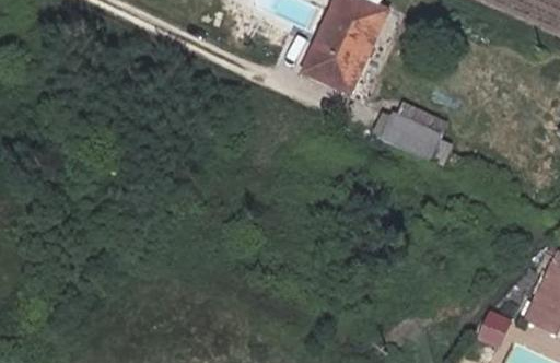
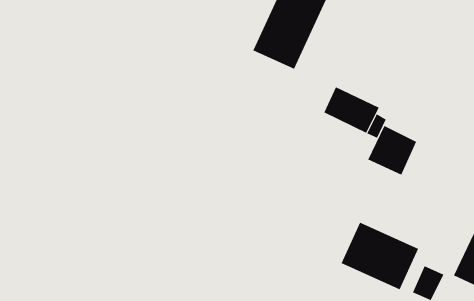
building: none -> [368,125,417,175]
building: none -> [341,222,419,290]

